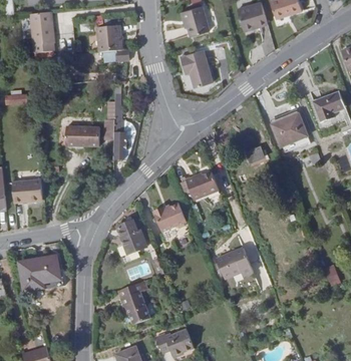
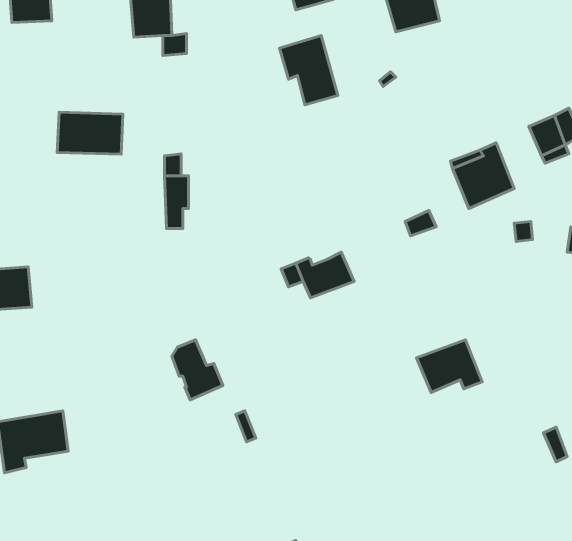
building: [62,123,98,146] -> [57,112,123,154]
building: [152,203,186,231] -> none
building: [218,247,254,276] -> [416,340,482,393]
building: [122,287,152,321] -> none

